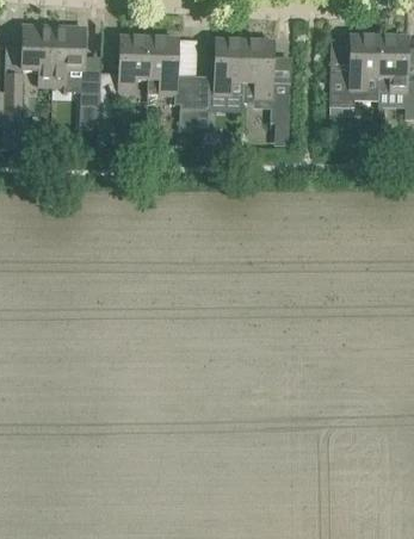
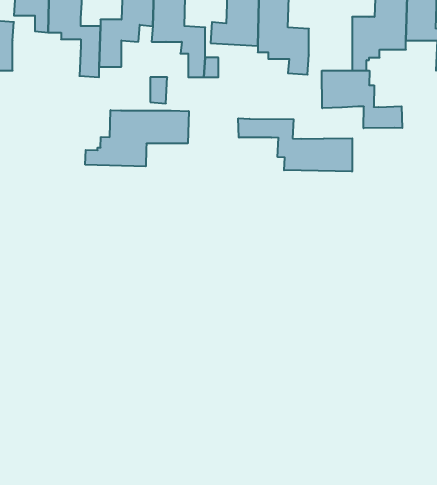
building: none -> [322,71,402,128]
building: none -> [85,110,189,166]
building: none -> [238,118,352,172]

